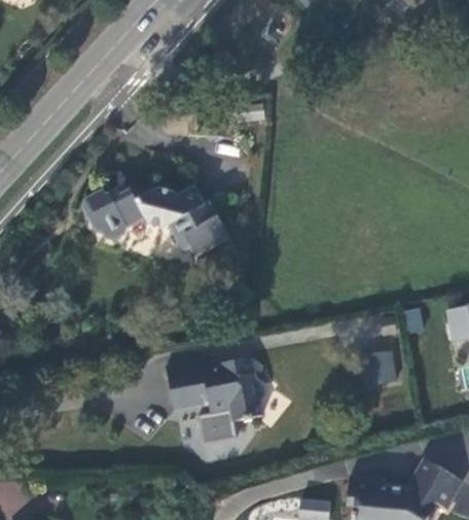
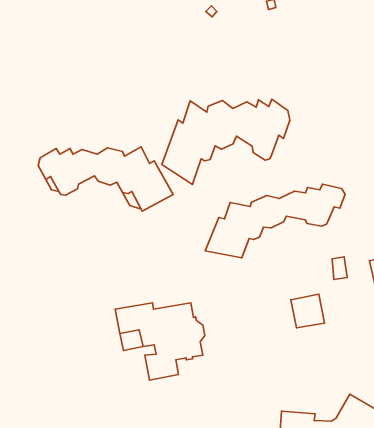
building: none -> [162,99,290,185]
building: none -> [205,184,345,258]

